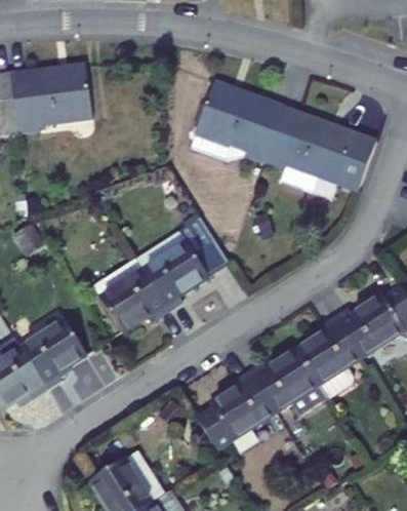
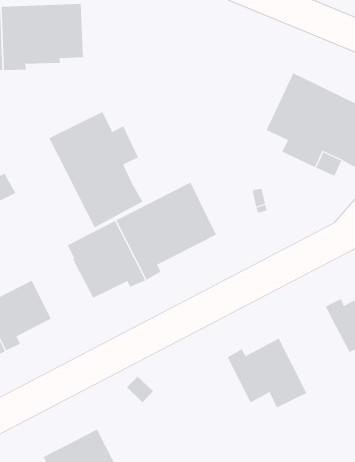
building: [191,79,284,160] -> none
building: none -> [48,111,143,228]
building: [296,316,362,402] -> none
building: [198,371,276,448] -> none

